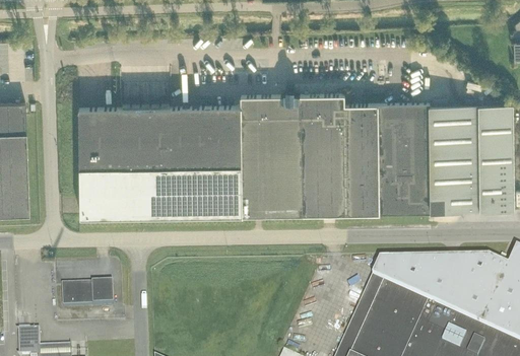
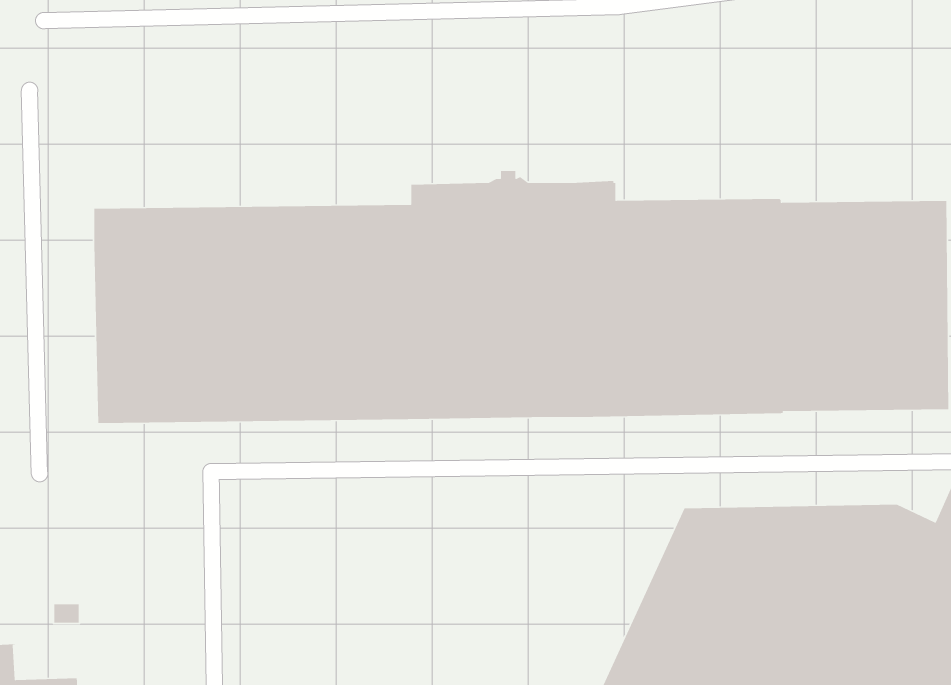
building: [62,282,114,306] -> none

